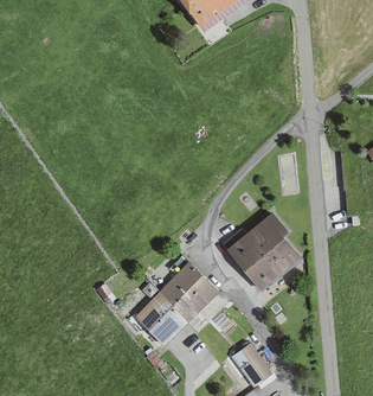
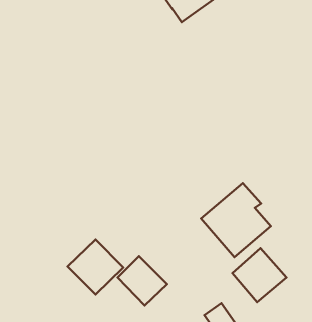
building: [157,261,219,321] -> [68,240,123,294]
building: none -> [233,248,286,302]

